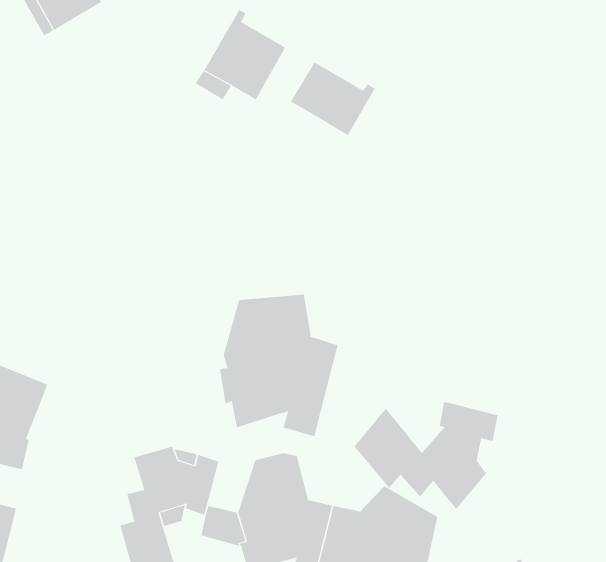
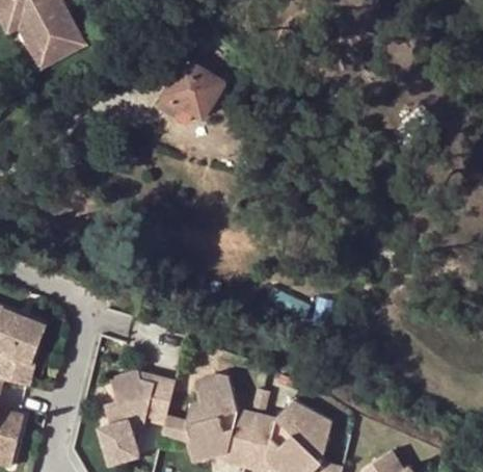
building: [290,61,376,136] -> none
building: [219,294,338,437] -> none
building: [354,401,498,510] -> none

